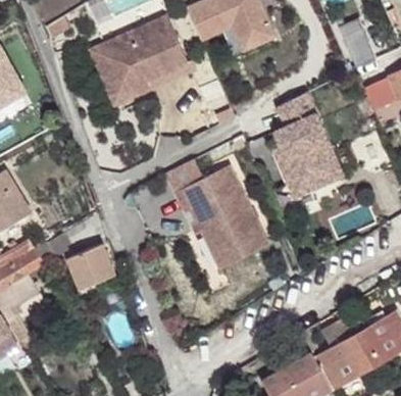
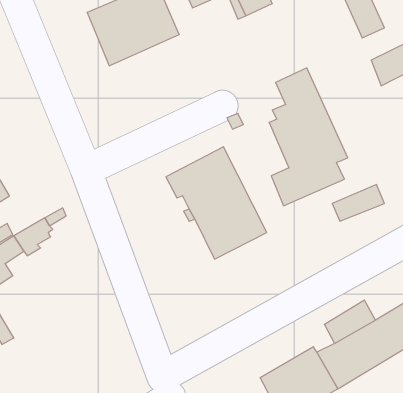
building: [89,44,192,107] -> none
building: [67,244,115,290] -> none

